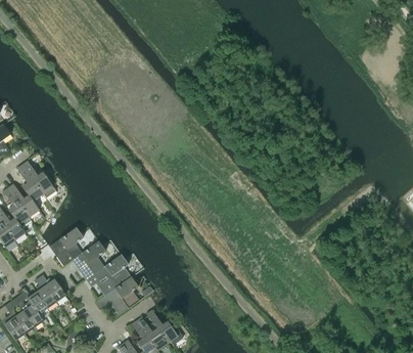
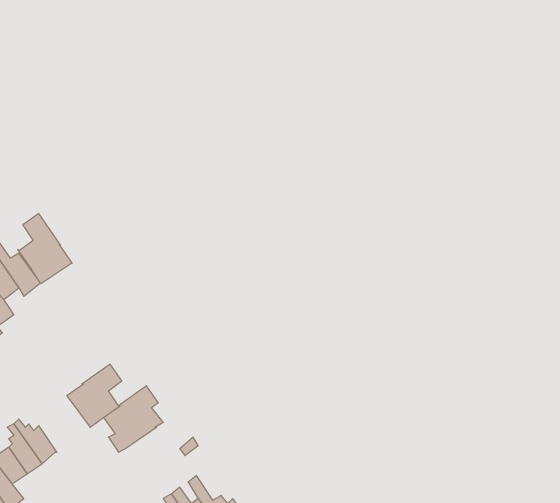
building: none -> [18,213,72,284]
building: [49,227,83,266] -> none
building: [103,276,139,315] -> none

